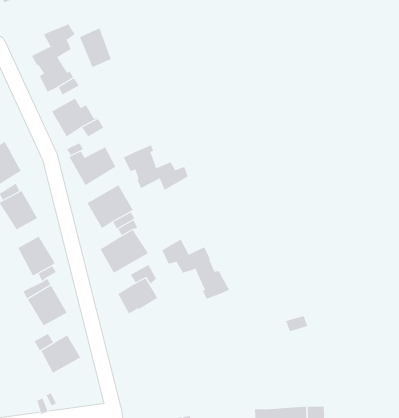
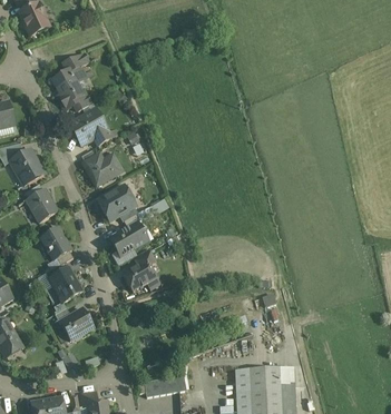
building: [79,28,112,68] -> none
building: [123,144,188,191] -> none
building: [162,238,230,299] -> none

